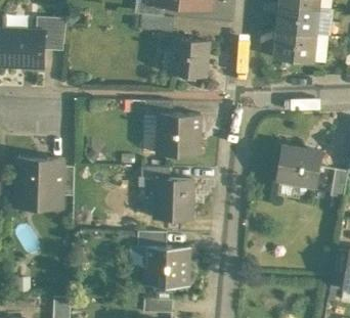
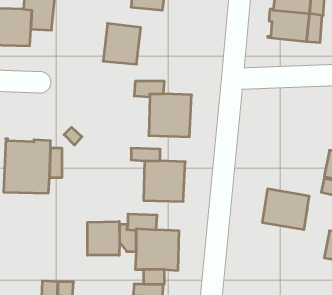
building: [172,37,209,77] -> [103,23,141,64]
building: [276,145,322,185] -> [262,189,309,230]
building: none -> [88,221,120,255]

